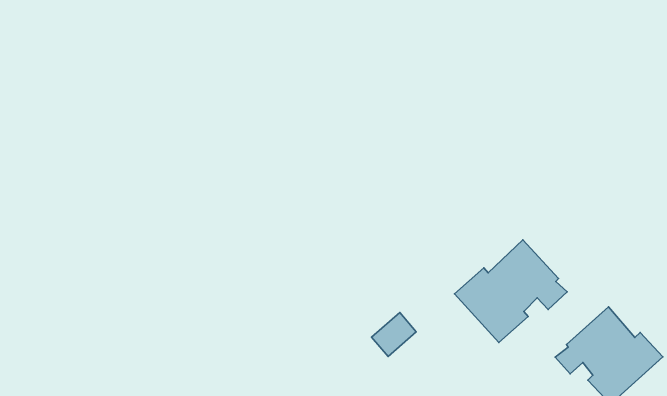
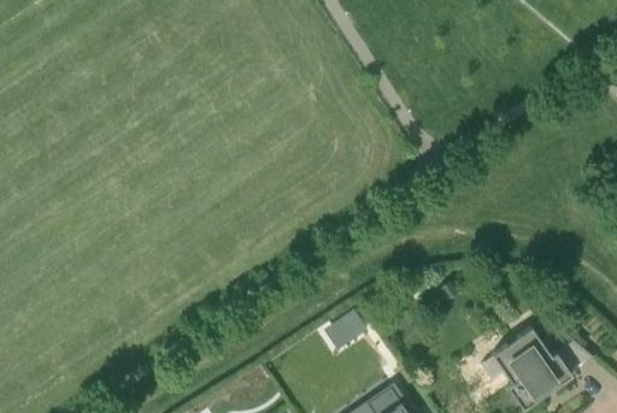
building: [455,240,567,342] -> none

